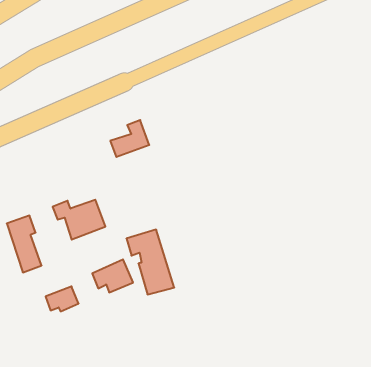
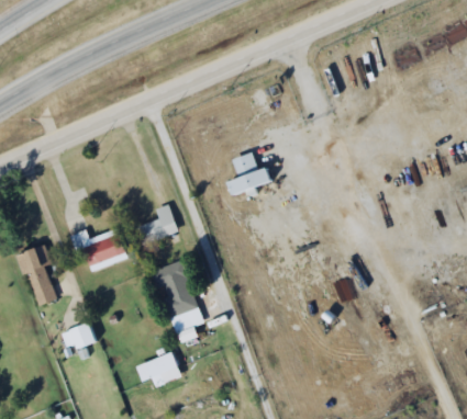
building: [110,120,149,157] -> [135,203,178,244]
building: none -> [227,151,275,194]
building: [92,259,133,292] -> [137,351,182,387]

